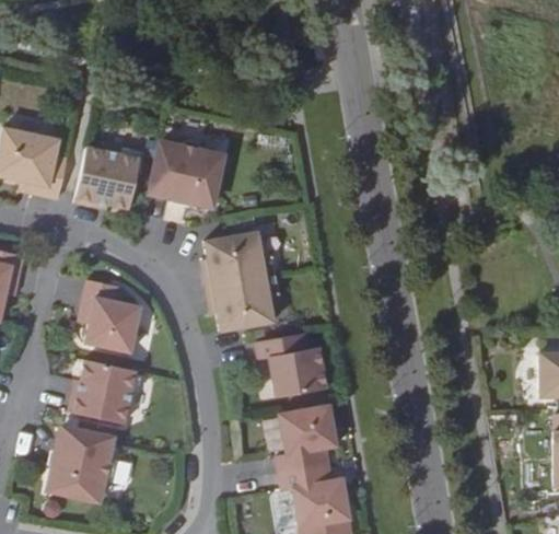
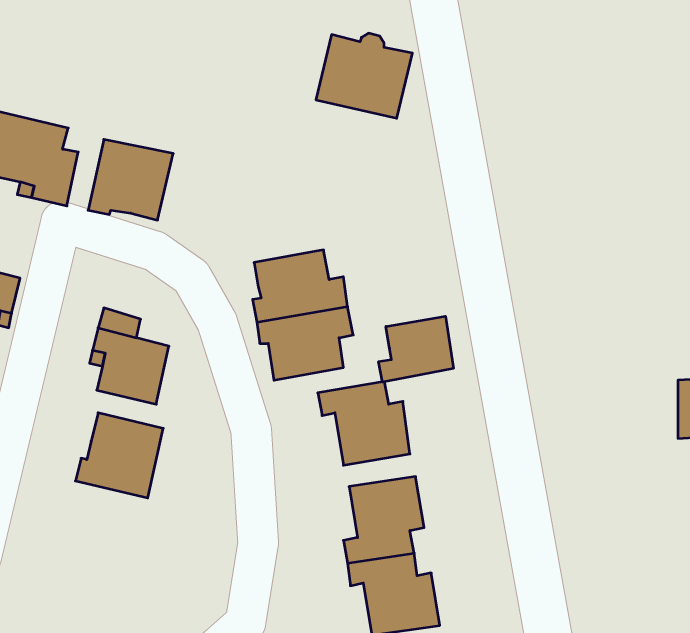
building: [152,143,226,209] -> [316,33,412,118]
building: none -> [379,316,453,382]
building: [47,429,114,503] -> none

